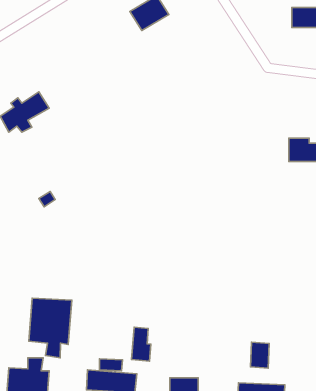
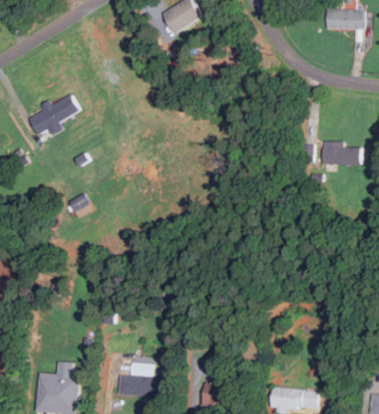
building: [29,298,72,358] -> none
building: [132,327,151,361] -> none
building: [250,342,269,368] -> none

